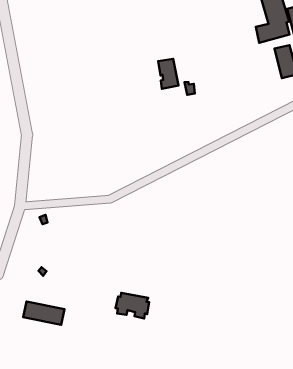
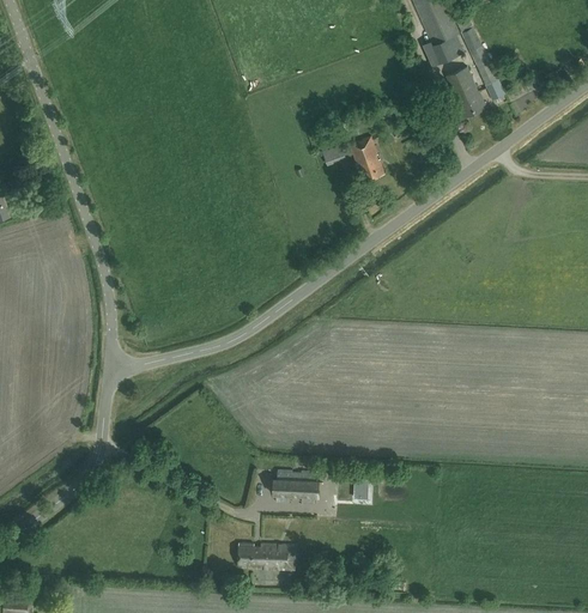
building: [158,59,179,89] -> [348,136,384,183]
building: [23,301,64,325] -> [236,544,295,570]

